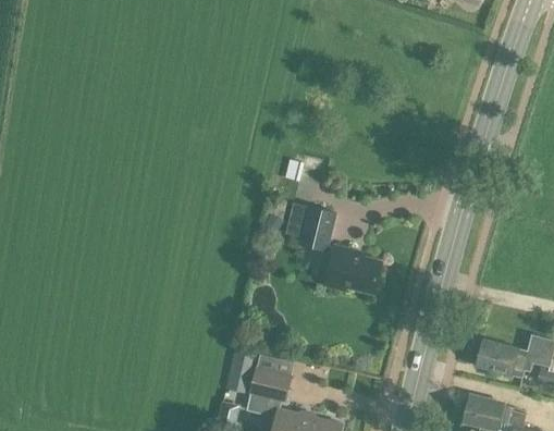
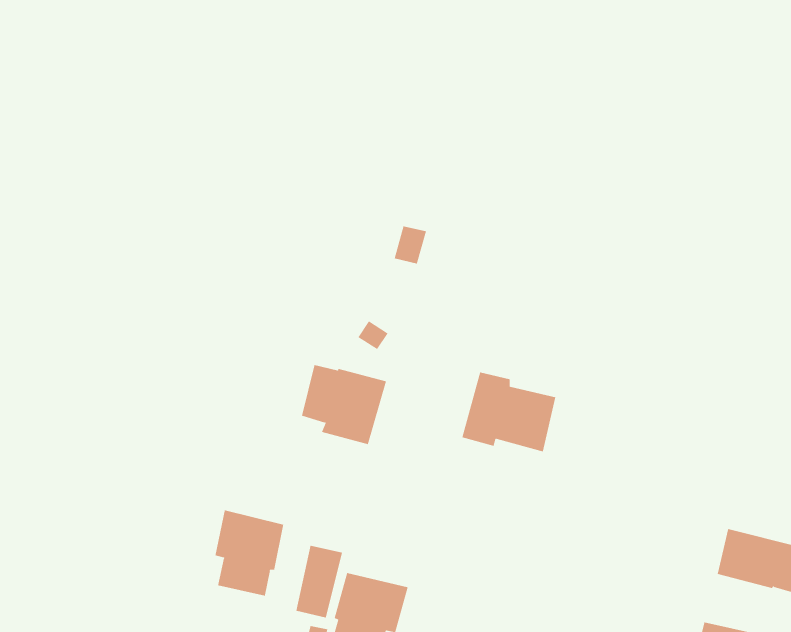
building: [285,201,336,249] -> [301,365,387,445]
building: none -> [215,509,284,596]

